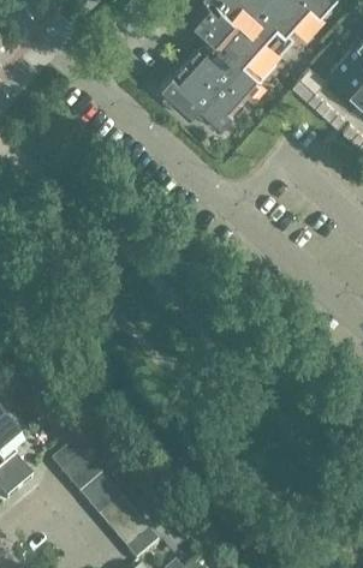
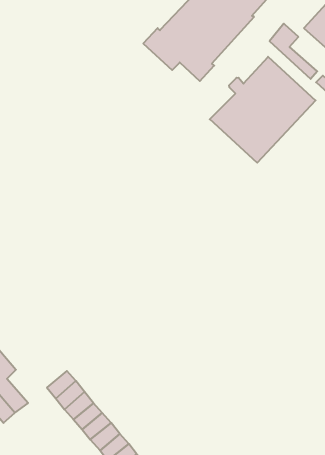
building: none -> [210,57,316,163]

